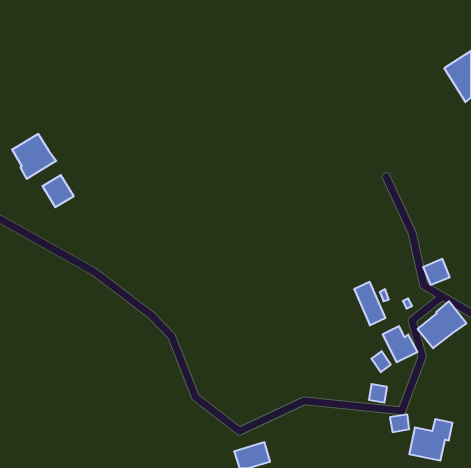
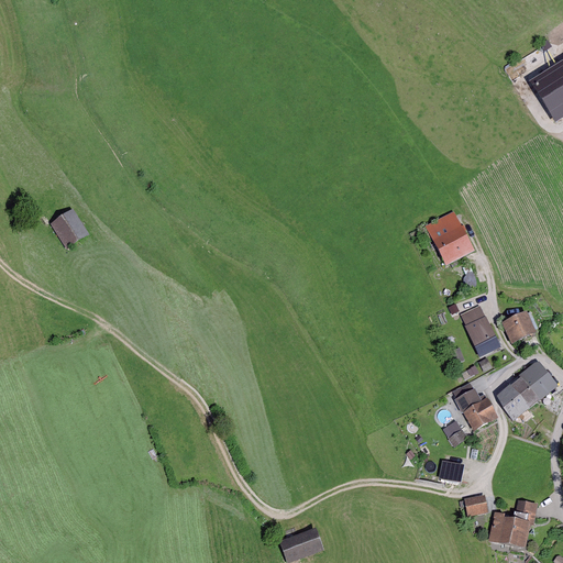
building: [12,134,56,179] -> none
building: none -> [427,211,474,264]
building: [354,282,385,325] -> [461,305,498,356]

